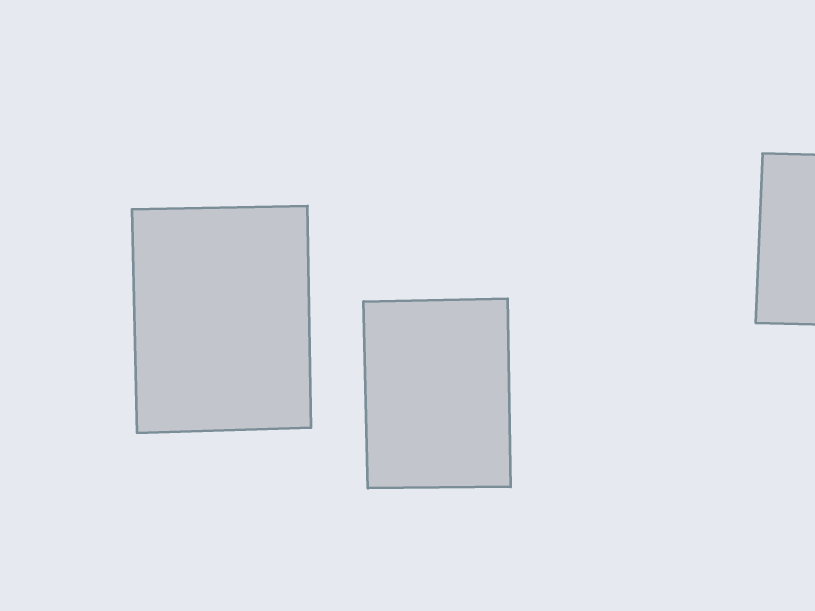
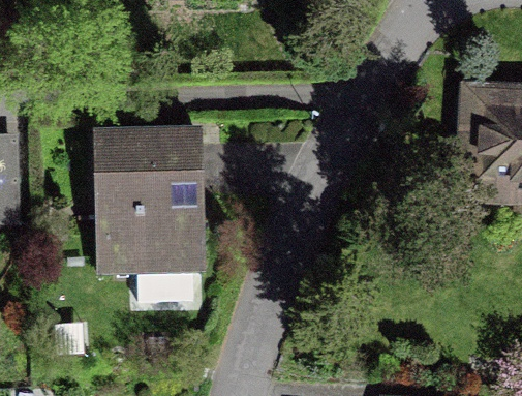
building: [364,299,511,488] -> none

